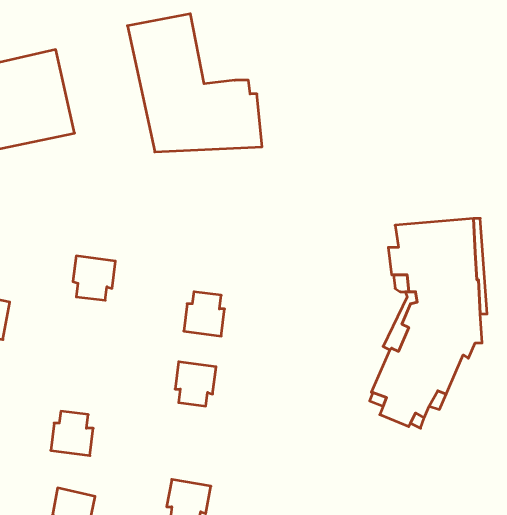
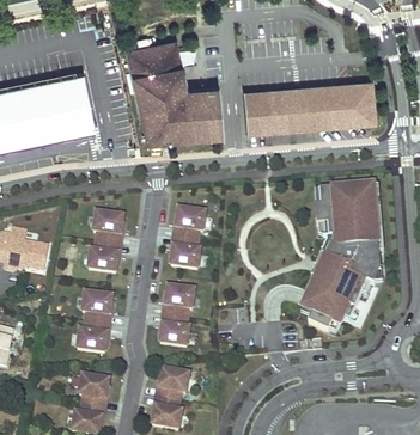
building: none -> [244,84,375,131]
building: none -> [175,208,203,239]
building: none -> [87,240,117,271]
building: none -> [81,292,111,323]
building: none -> [159,314,188,345]

